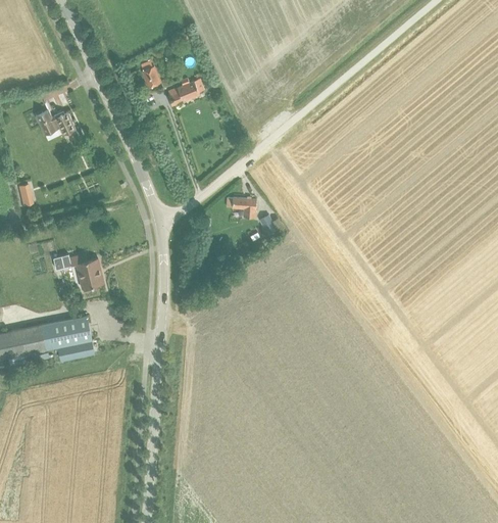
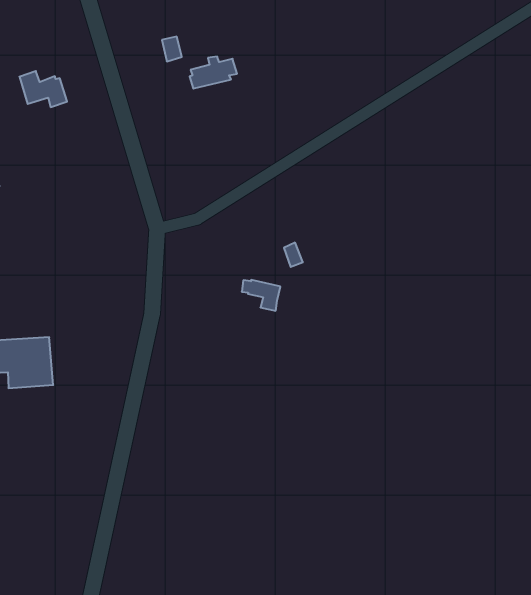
building: [227,197,256,219] -> [242,280,280,311]
building: [69,253,103,289] -> none

